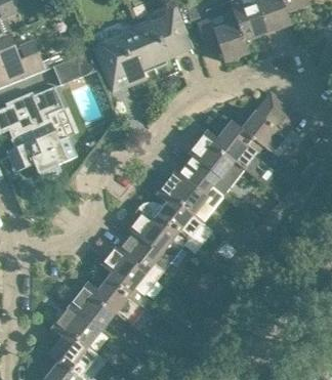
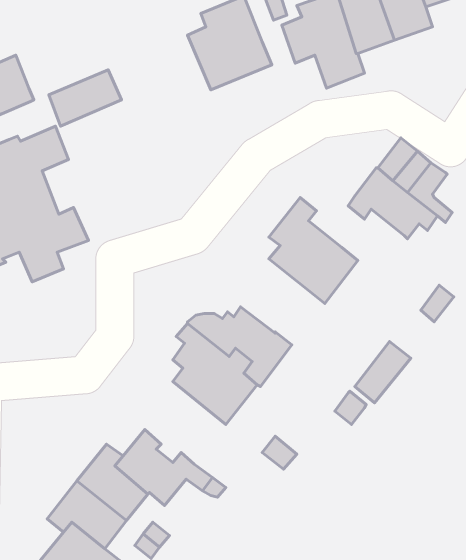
building: [93,29,152,89] -> none
building: [212,120,276,176] -> none
building: [156,167,222,220] -> none
building: [95,243,161,294] -> none

